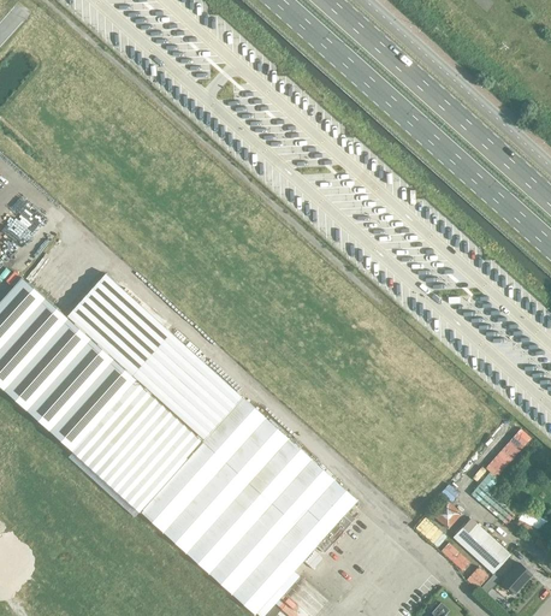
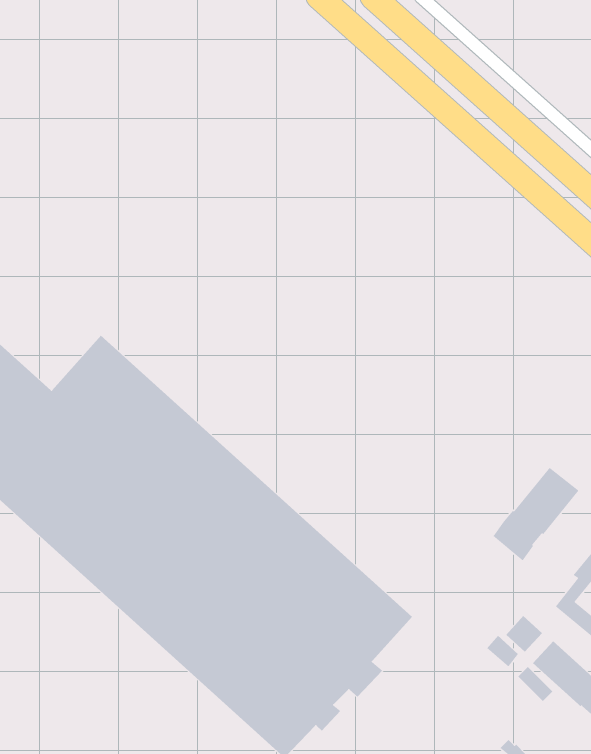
building: none -> [492,467,580,561]

